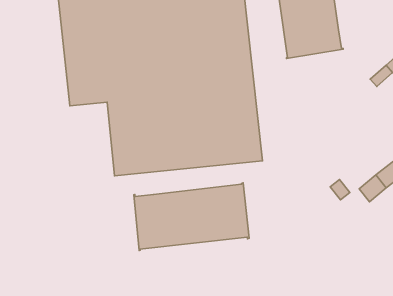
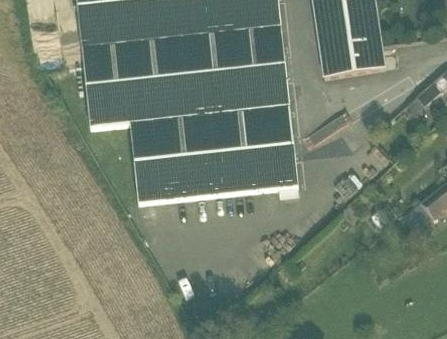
building: [134,183,249,250] -> none

